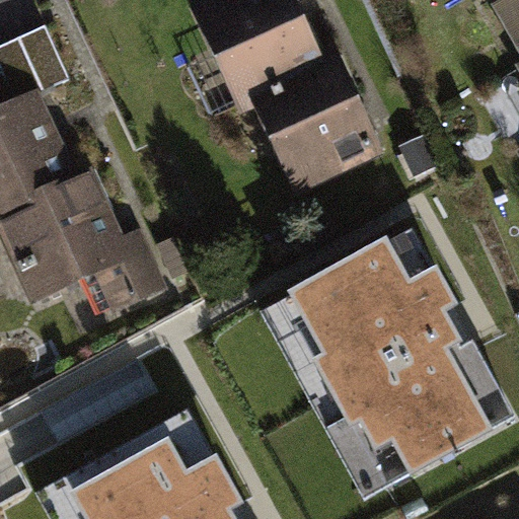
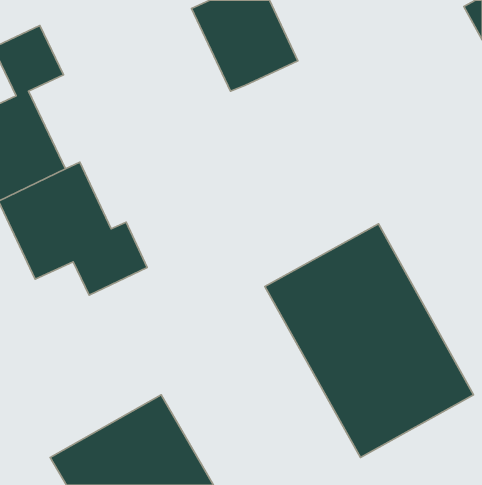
building: [262,59,374,183] -> none

